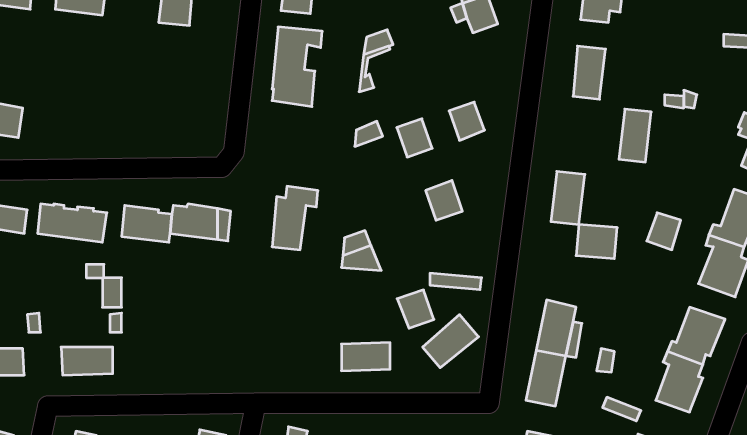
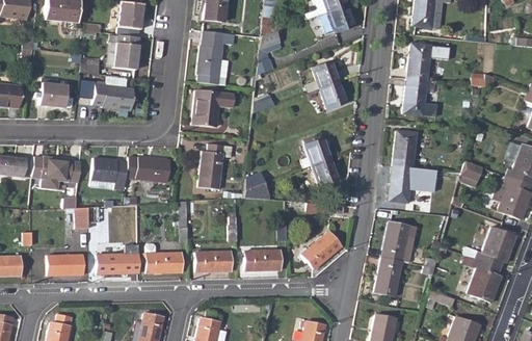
building: none -> [112,34,138,69]
building: none -> [37,81,65,106]
building: none -> [90,81,131,109]
building: [619,109,651,162] -> [404,78,427,115]
building: none -> [190,88,231,125]
building: [397,119,432,157] -> [314,61,339,88]
building: none -> [390,166,413,203]
building: [397,290,434,328] -> [312,159,338,186]
building: none -> [147,245,183,272]
building: none -> [196,253,233,271]
building: none -> [98,254,134,273]

